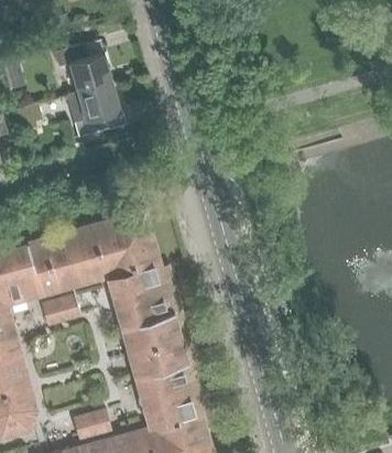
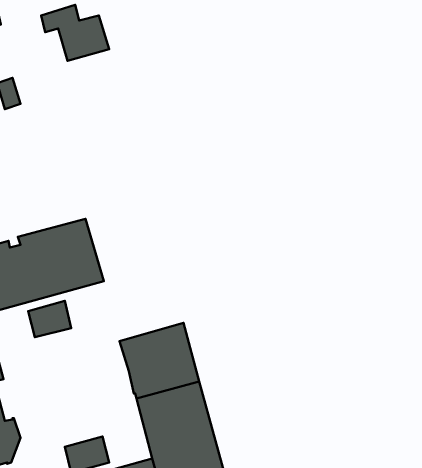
building: [65,82,119,137] -> none
building: [91,211,174,328] -> none

